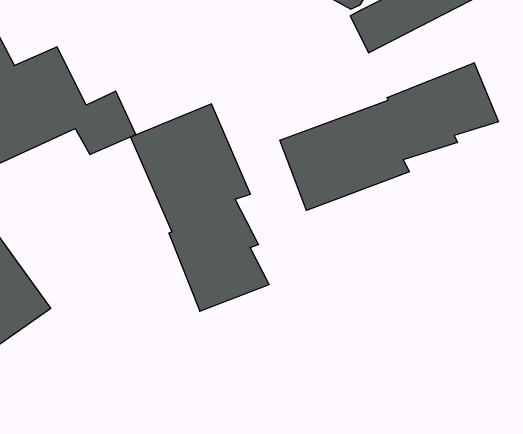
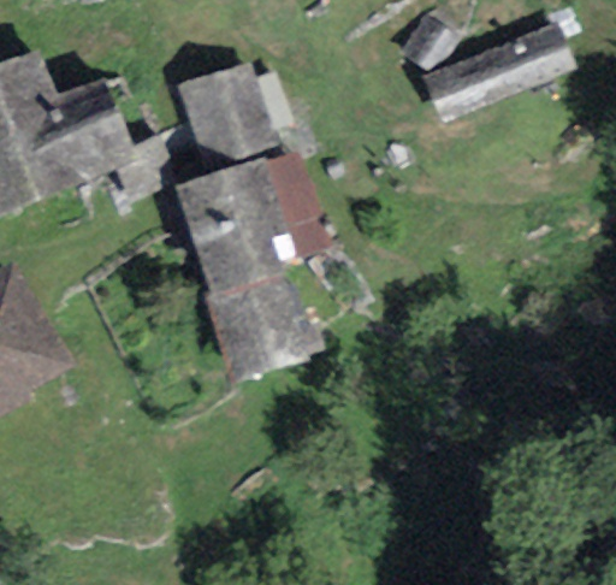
building: none -> [178,60,279,165]
building: [280,63,499,210] -> none

